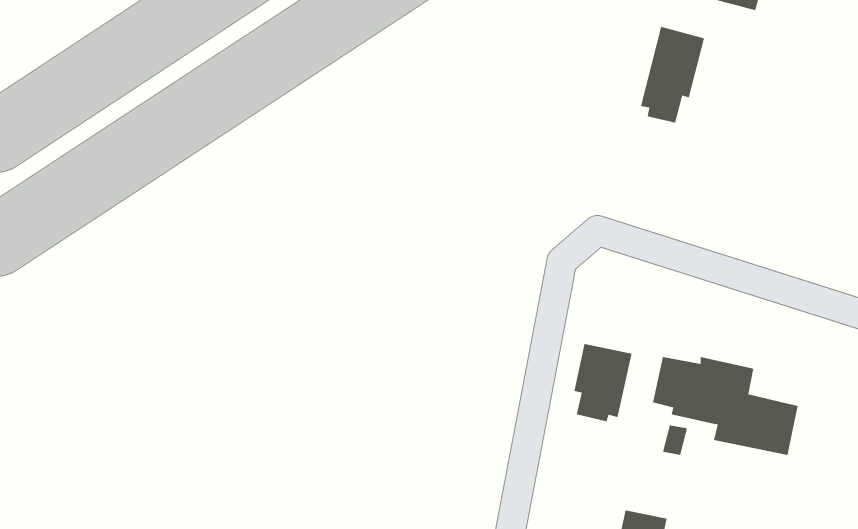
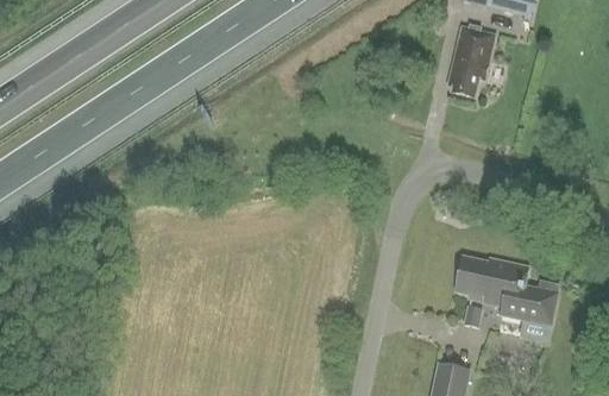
building: [574,343,632,422] -> none

